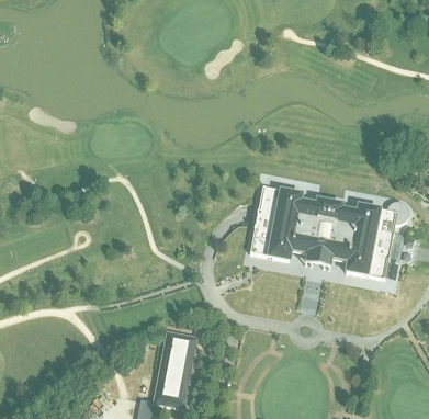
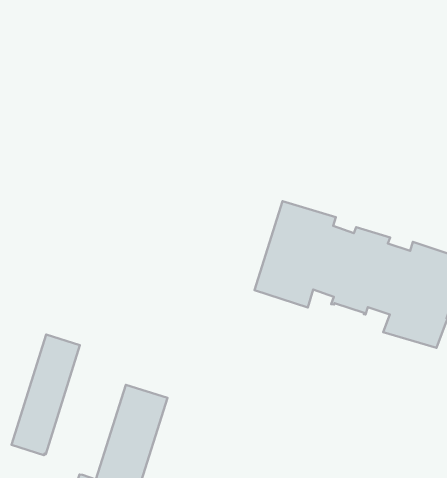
building: none -> [11,334,80,455]

